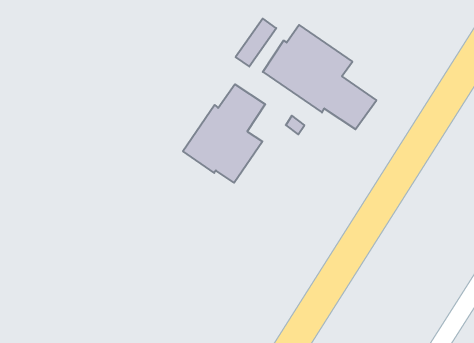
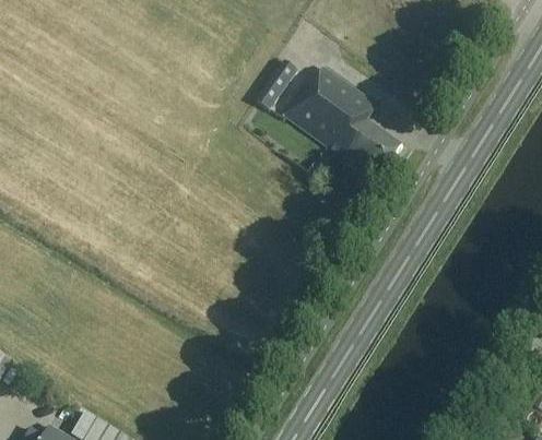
building: [183,84,265,183] -> none

